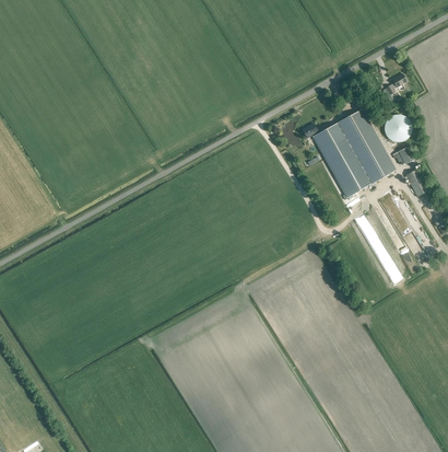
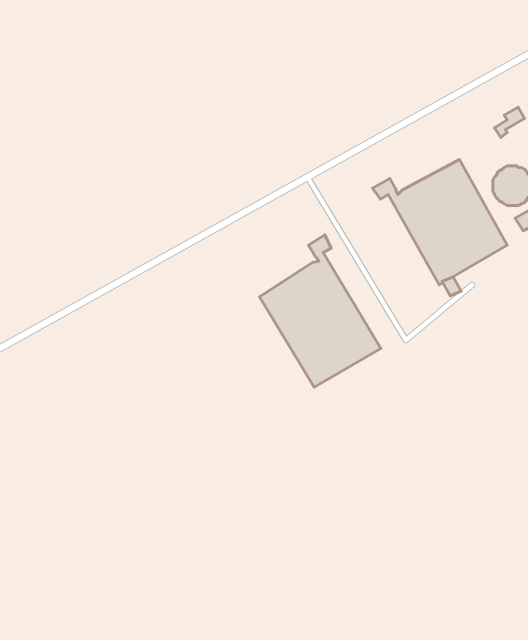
building: none -> [260,235,381,387]

